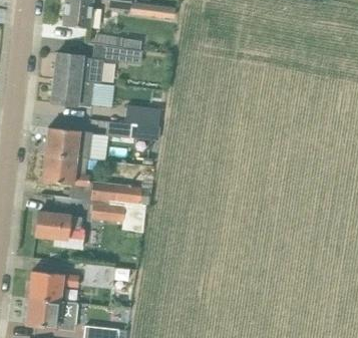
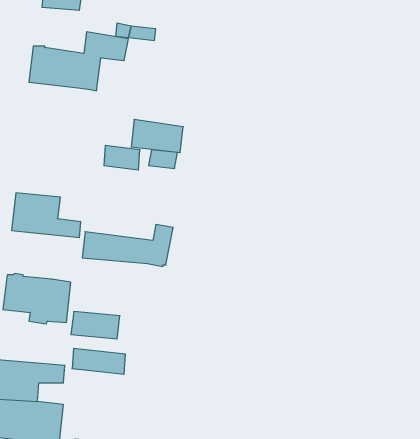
building: [51,78,95,107] -> none
building: [45,127,92,159] -> none
building: [91,203,125,222] -> [71,312,120,339]

